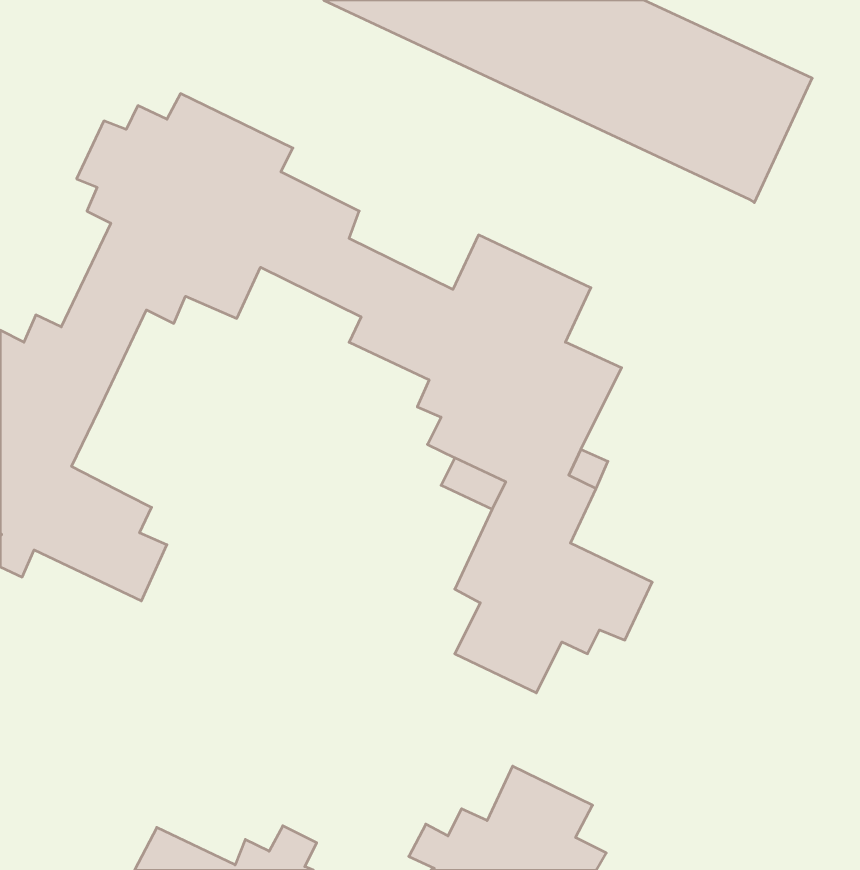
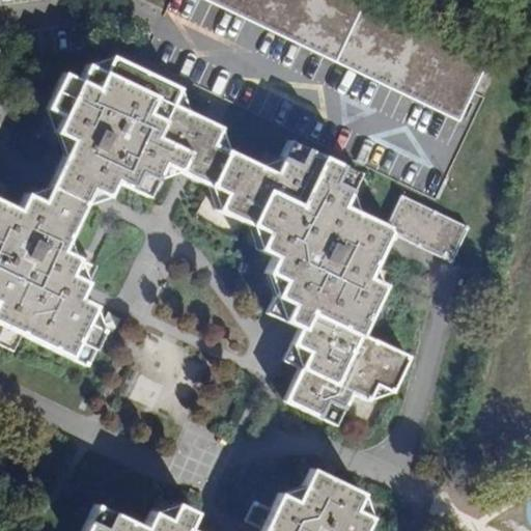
building: none -> [385,191,467,256]
building: none -> [50,250,101,302]

